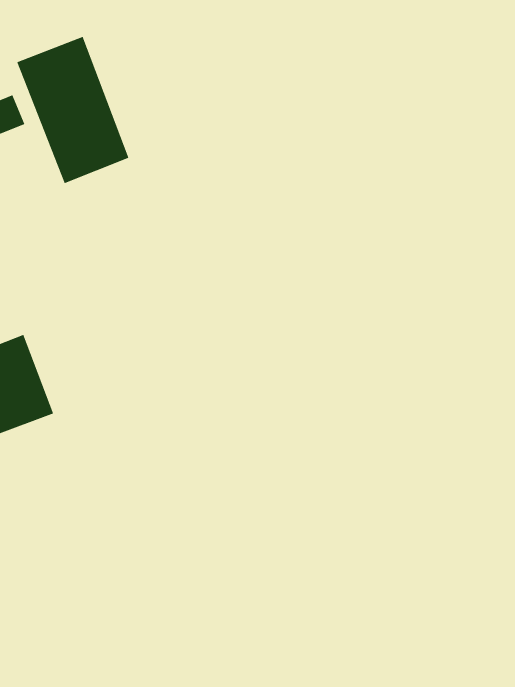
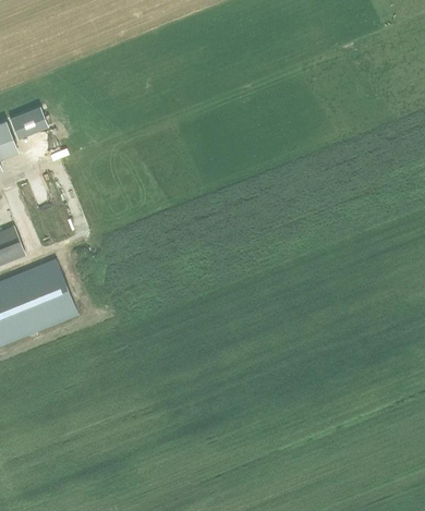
building: [16,36,129,184] -> none

